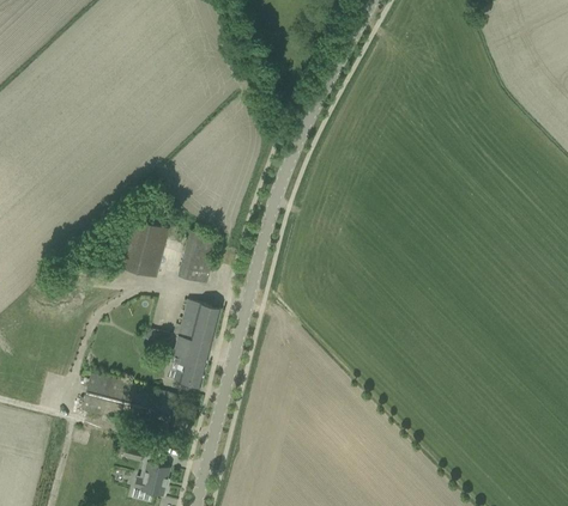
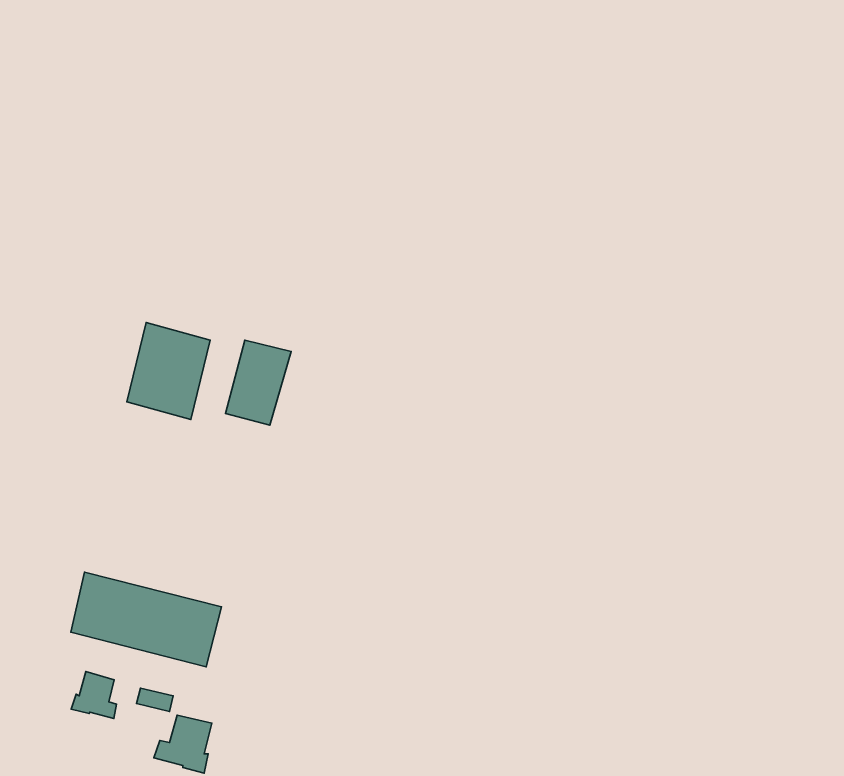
building: [171,298,220,385] -> none
building: none -> [71,671,117,719]

